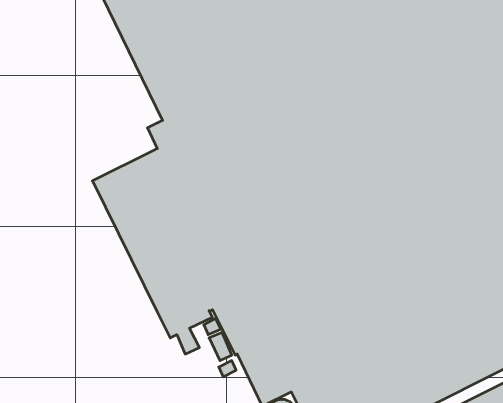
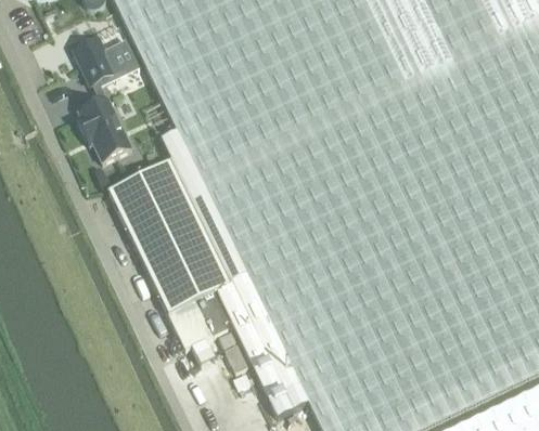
building: none -> [76,37,138,161]

